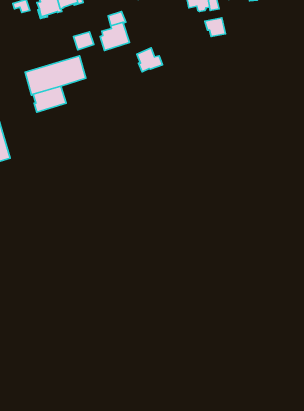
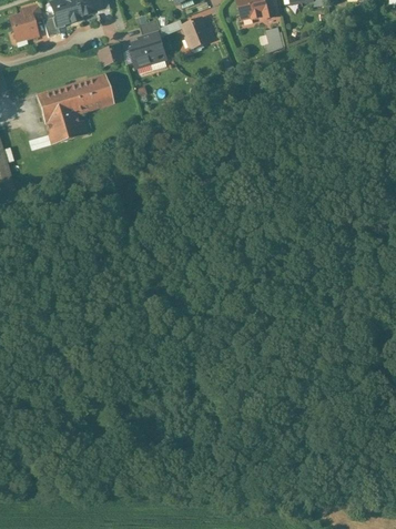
building: none -> [10,13,37,38]
building: [137,48,163,72] -> [183,18,215,48]

